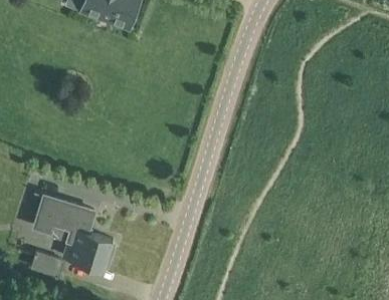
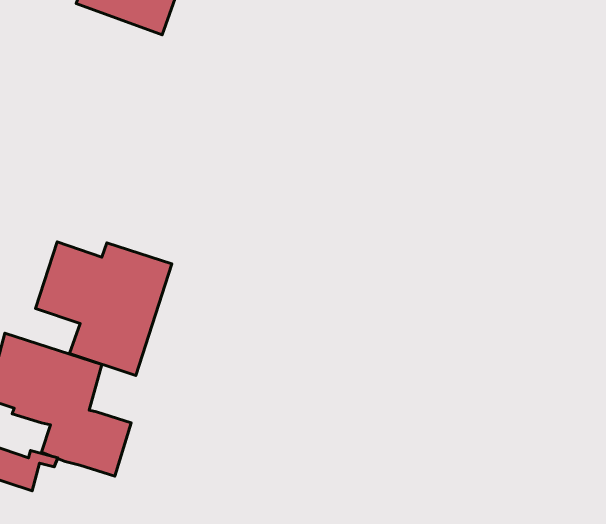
building: none -> [35,242,172,376]

